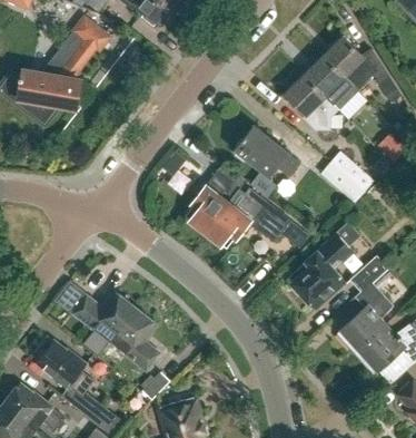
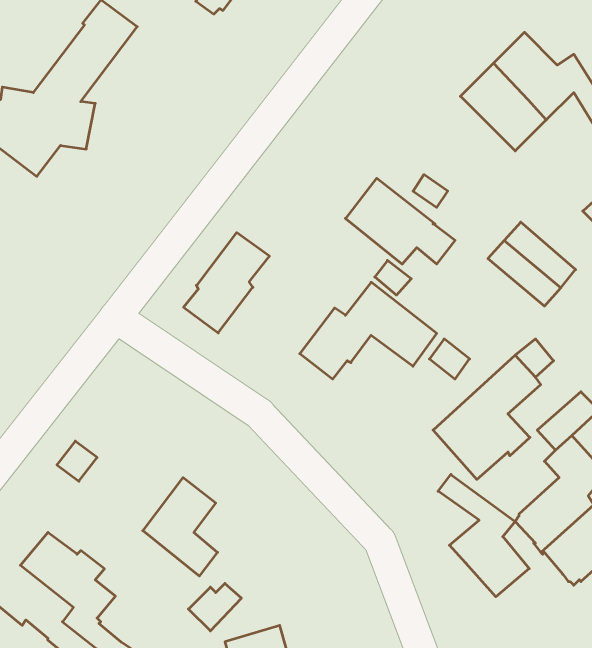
building: [285,75,337,130] -> none
building: [185,171,237,232] -> [184,233,269,333]
building: [75,292,135,340] -> none
building: none -> [438,474,529,597]

